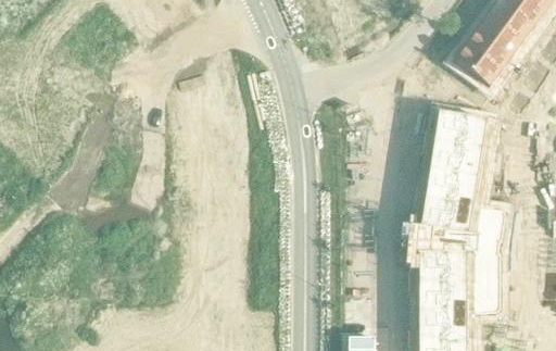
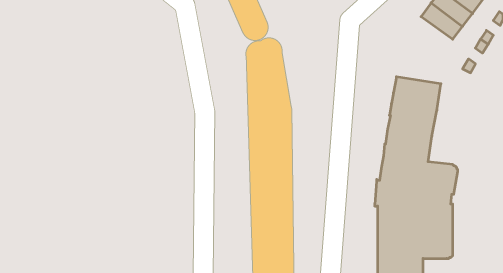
building: [454,39,500,79] -> none

